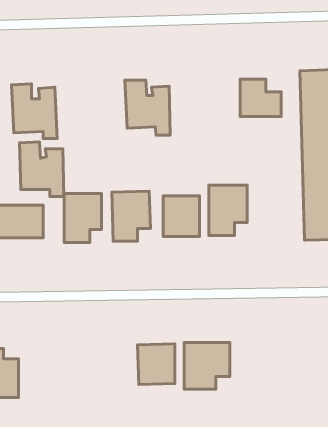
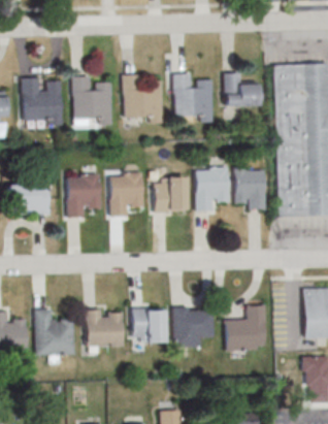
building: none -> [172,74,212,123]
building: [20,142,64,197] -> [71,76,110,125]
building: none -> [234,167,265,209]
building: none -> [225,305,265,351]
building: none -> [34,309,74,356]
building: none -> [87,309,124,347]

